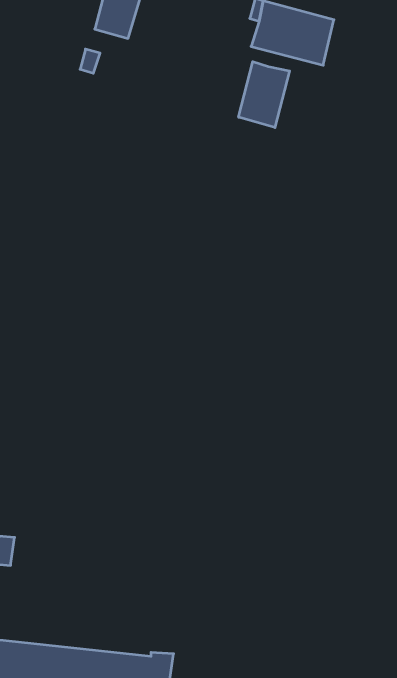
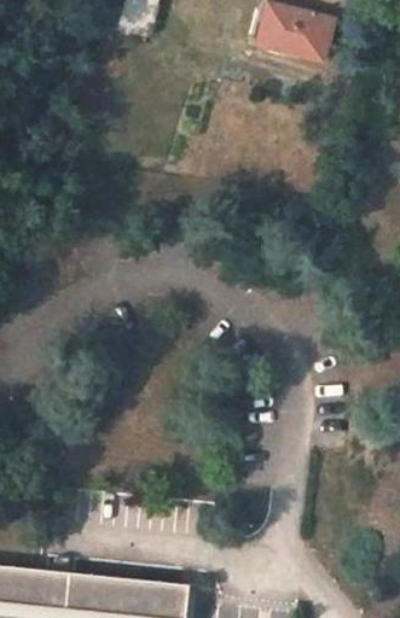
building: [239,62,290,128] -> none

